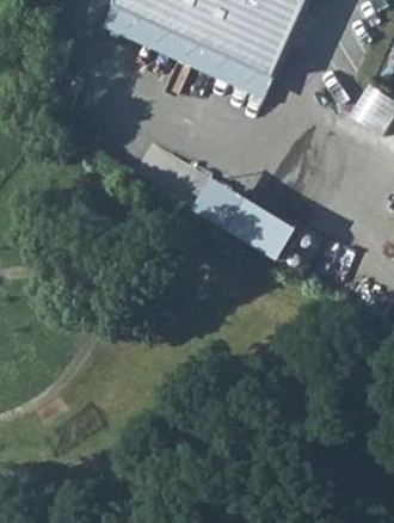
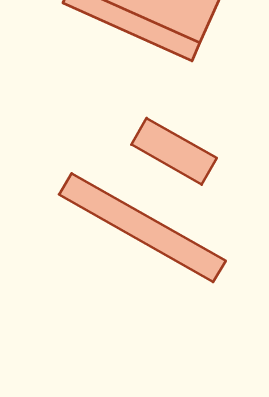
building: none -> [59,173,226,282]

